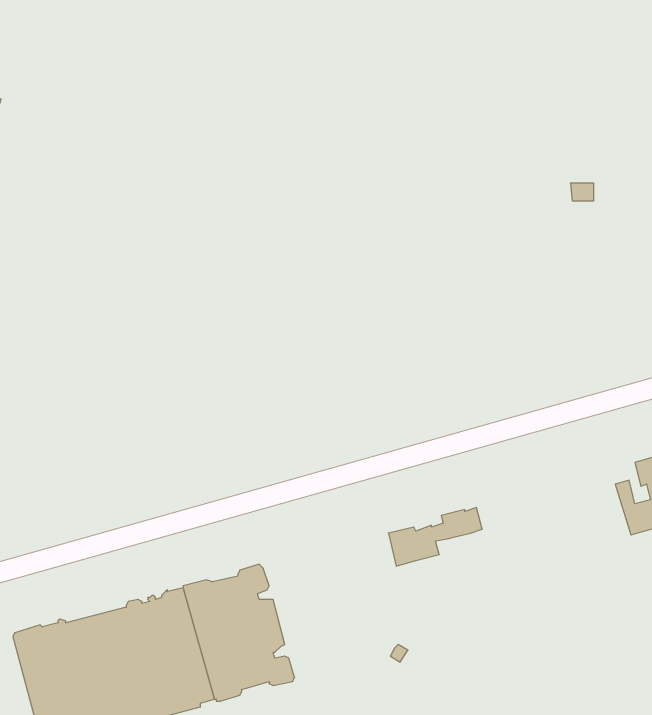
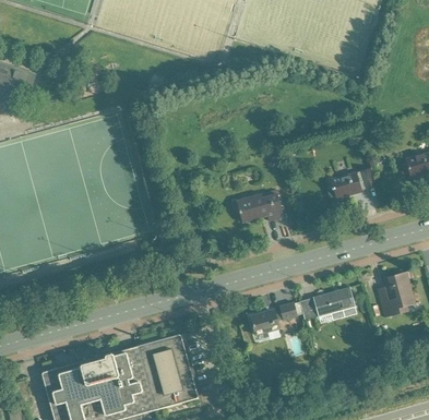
building: none -> [327,168,376,197]
building: none -> [236,193,284,221]
building: none -> [312,286,355,316]

